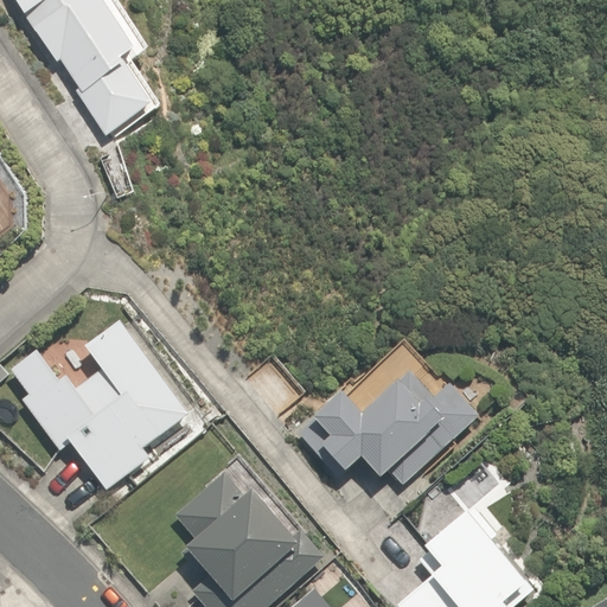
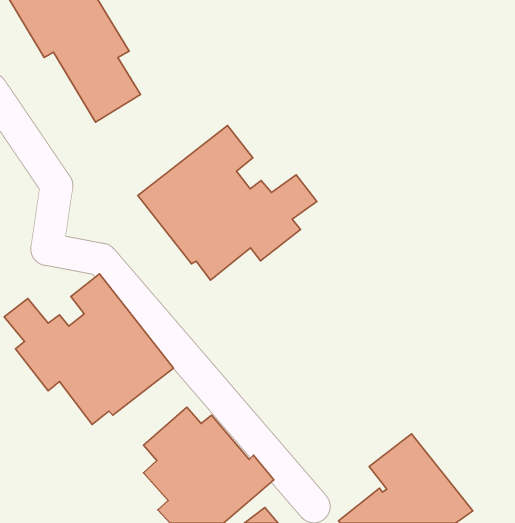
building: none -> [138,125,317,280]
building: [293,372,484,490] -> none

